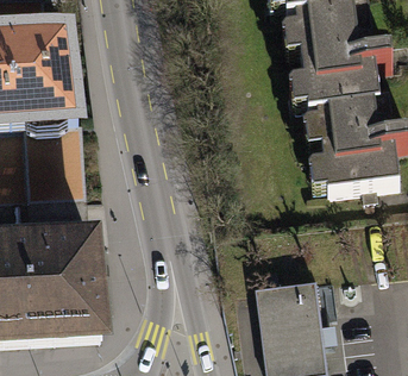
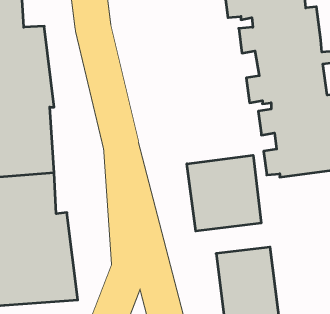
building: none -> [187,155,261,231]

